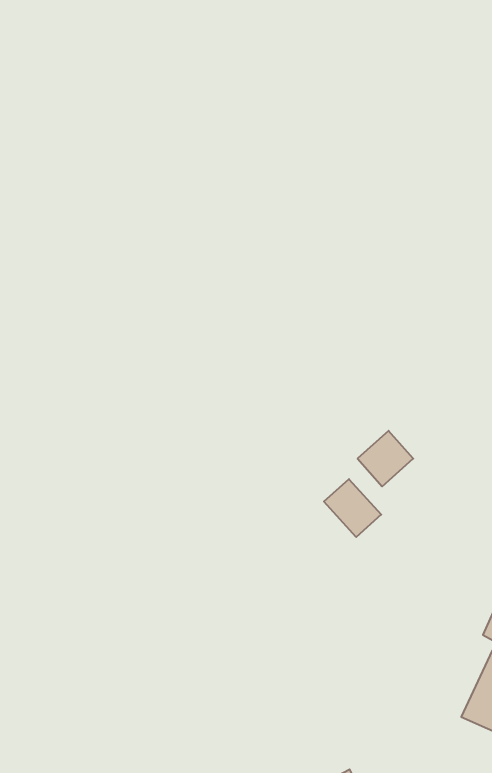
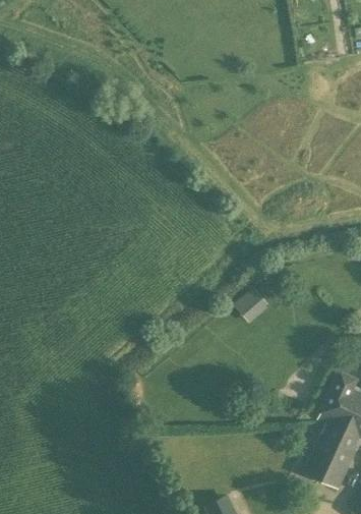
building: [324,479,381,537] -> none

